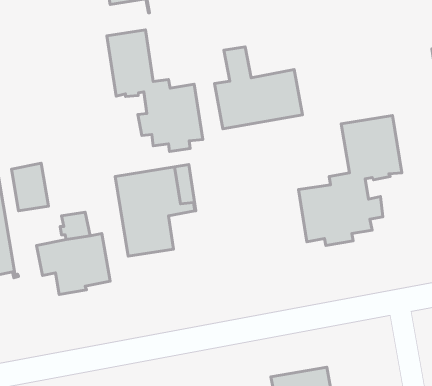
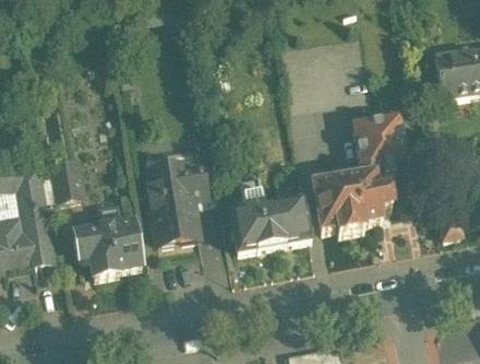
building: [107,30,203,151] -> none
building: [214,47,302,129] -> [230,174,311,249]

